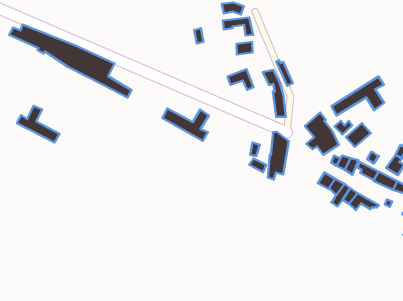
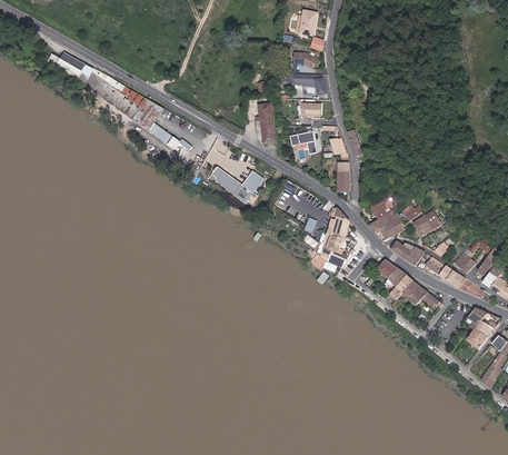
building: none -> [253,101,277,141]
building: [331,77,384,116] -> none
building: [17,106,59,142] -> none

